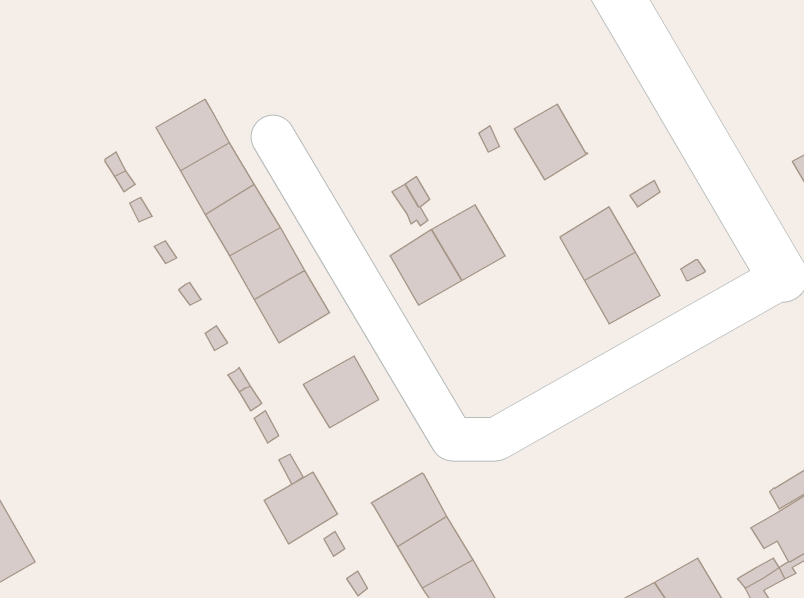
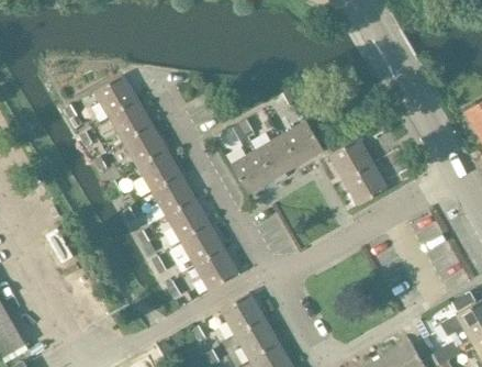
building: [514,104,588,180] -> [280,122,323,166]
building: none -> [166,199,210,241]
building: [264,472,338,544] -> [195,249,238,291]

